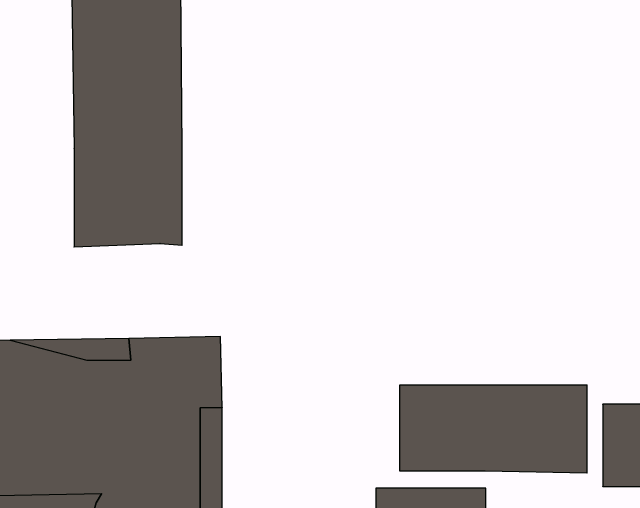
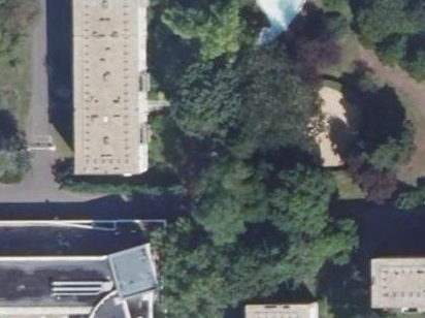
building: [400,385,587,473] -> none

